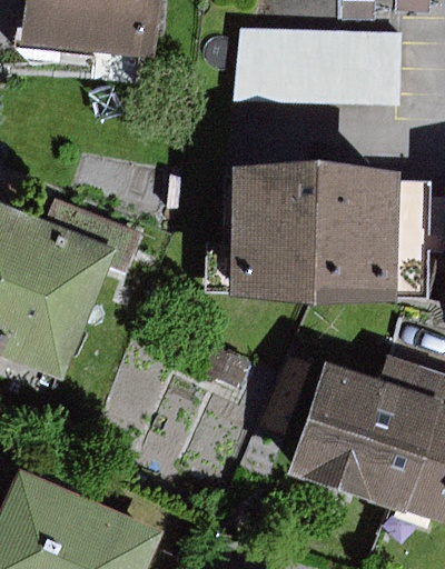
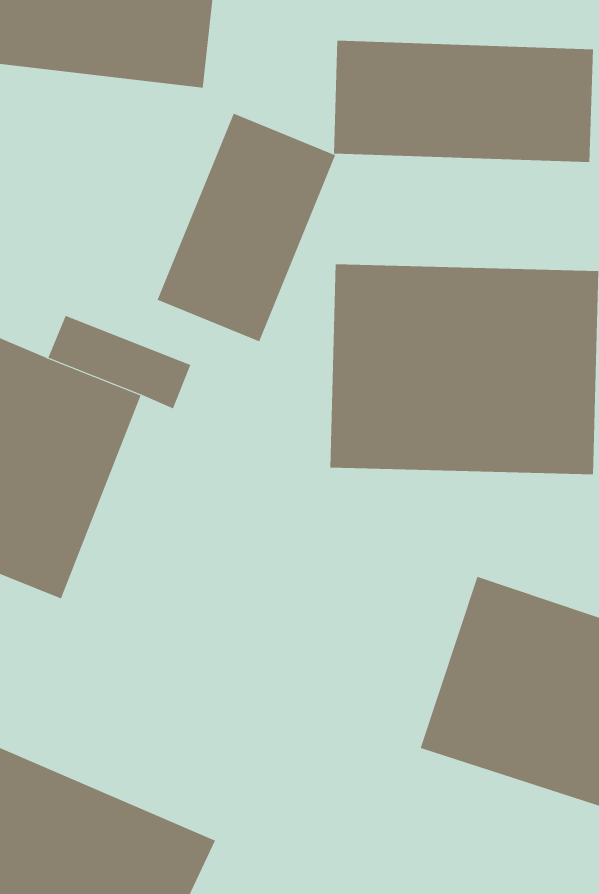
building: none -> [157,113,336,342]

